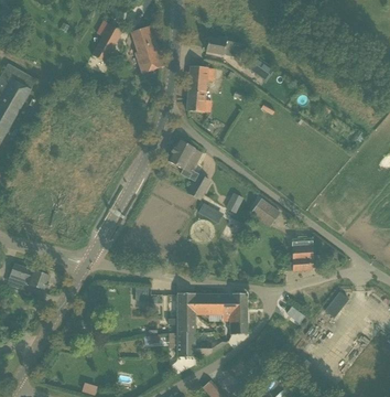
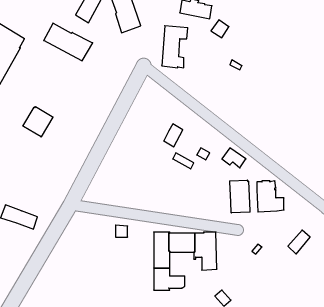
building: none -> [44,23,93,61]
building: [167,140,202,180] -> none
building: none -> [23,107,53,137]
building: none -> [230,180,250,213]

